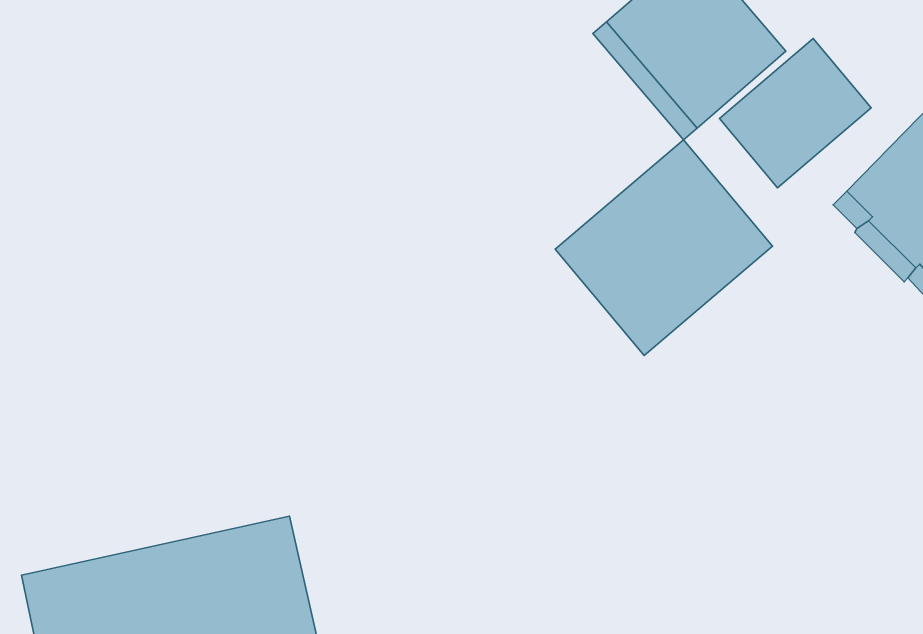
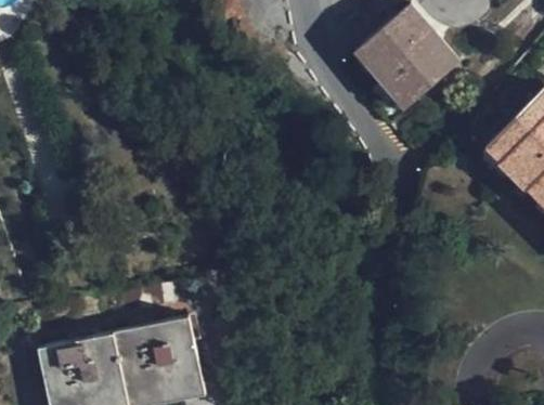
building: [719,39,871,188] -> none
building: [555,140,772,355] -> none

